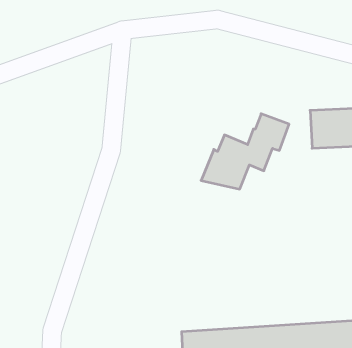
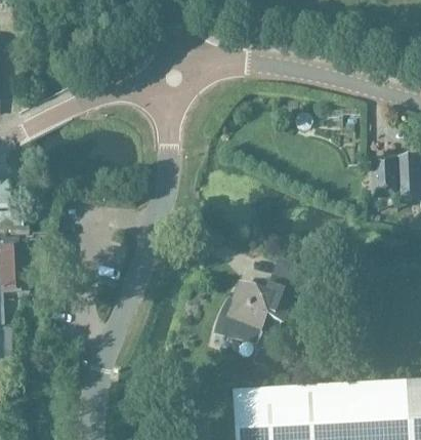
building: [201,114,289,189] -> [214,259,307,339]

